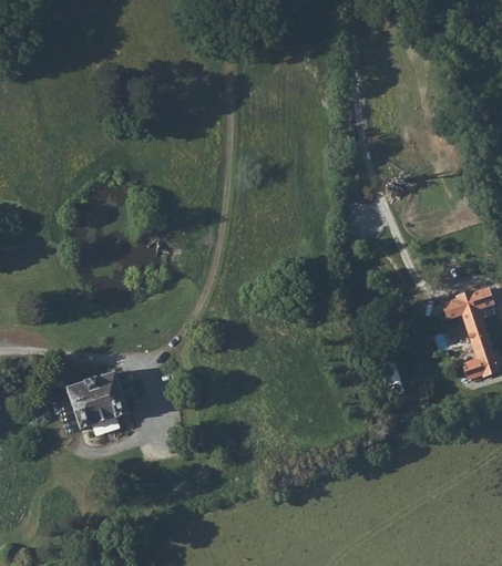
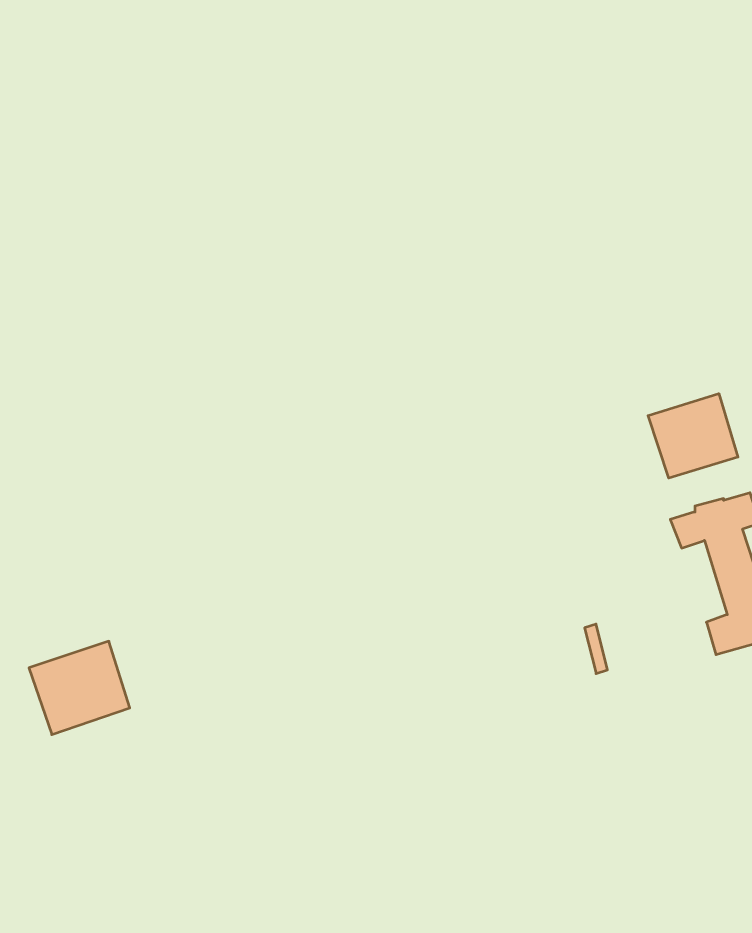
building: none -> [648,394,738,478]

